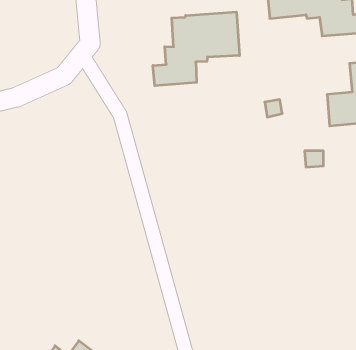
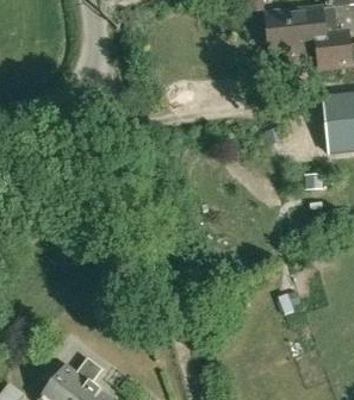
building: [153,12,239,86] -> none

